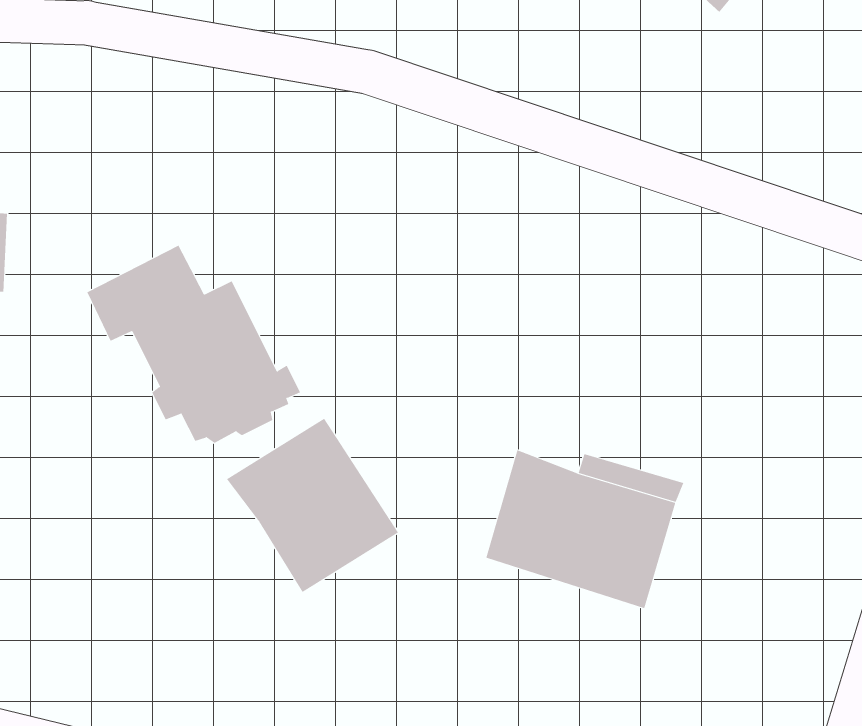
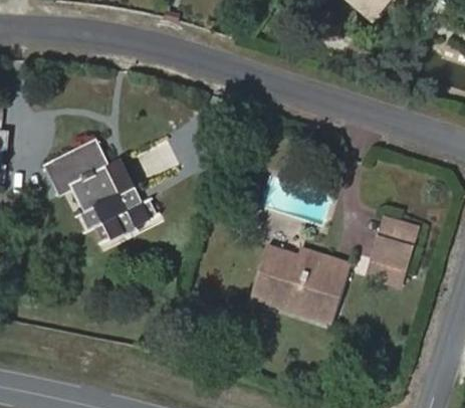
building: none -> [371,217,416,267]
building: [226,418,399,593] -> none

